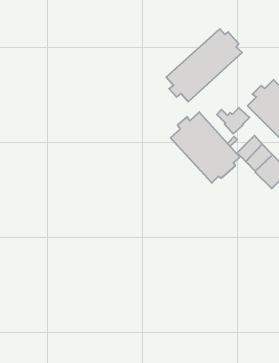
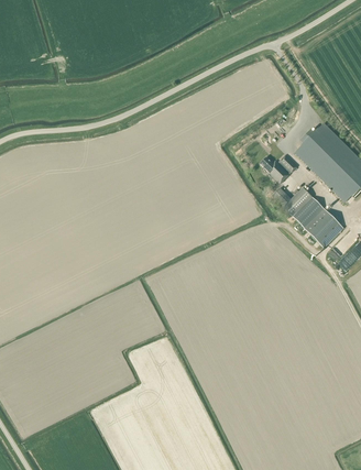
building: [166,29,242,102] -> none
building: [171,112,240,183] -> none

